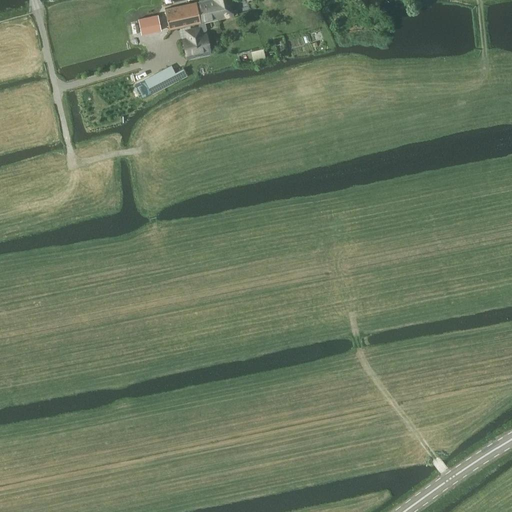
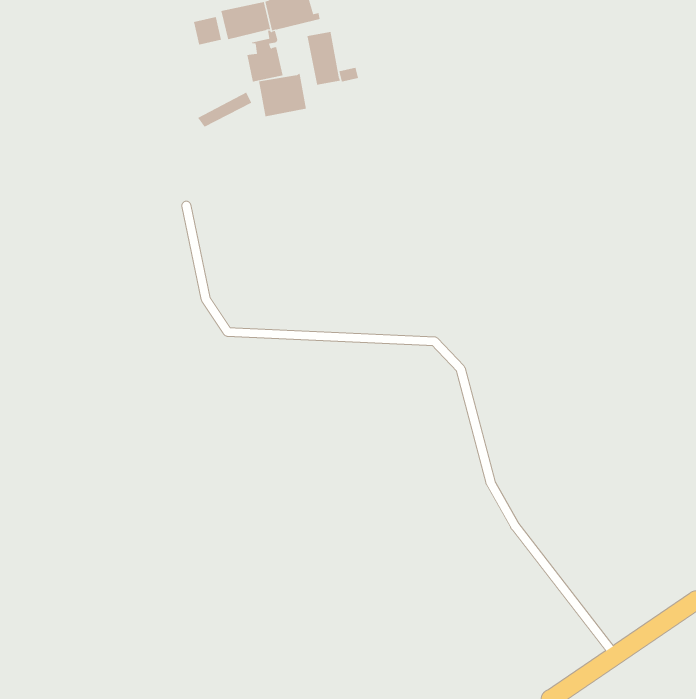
building: none -> [307,31,341,85]
building: none -> [258,73,307,117]

